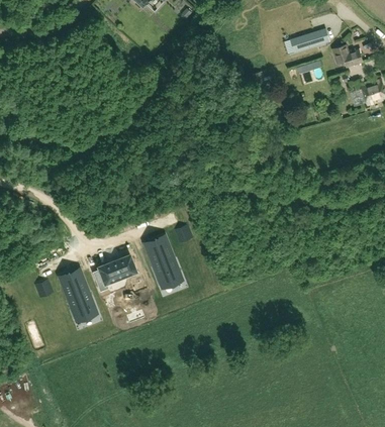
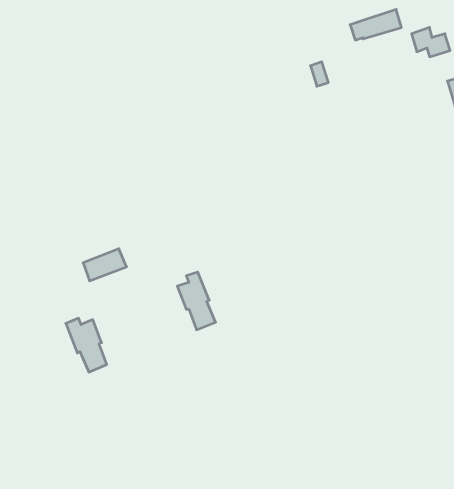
building: [100,256,134,282] -> [83,249,127,281]

